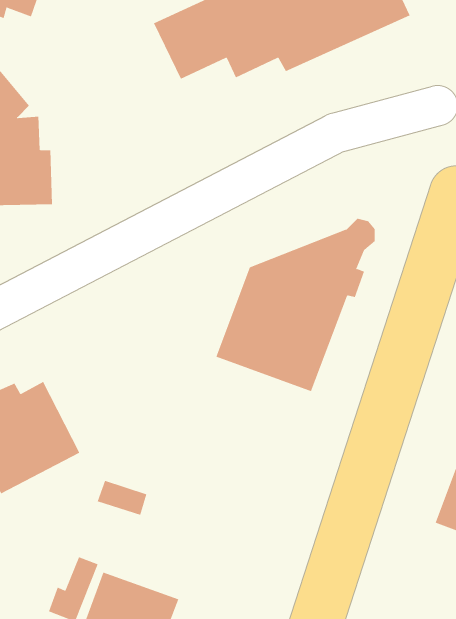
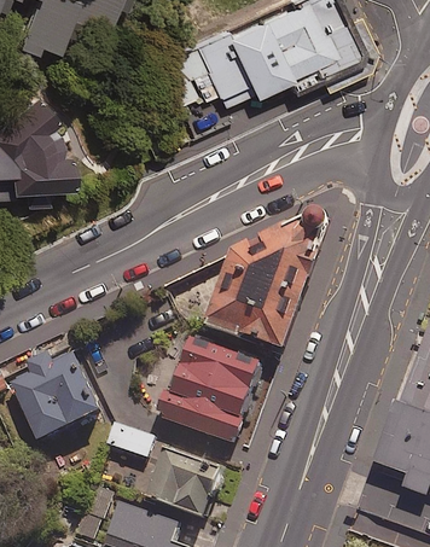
building: none -> [158,332,260,440]
building: none -> [144,446,219,512]

